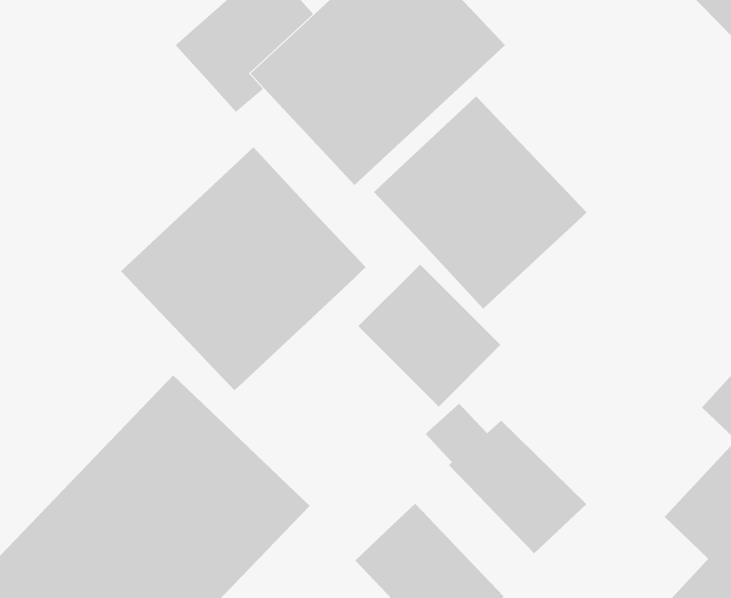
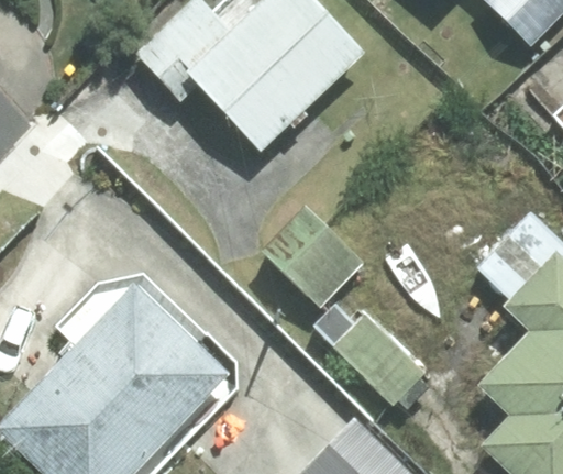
building: [373,95,587,310] -> none
building: [120,147,367,391] -> none

